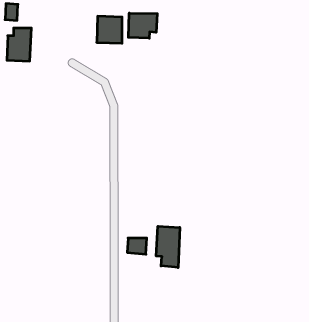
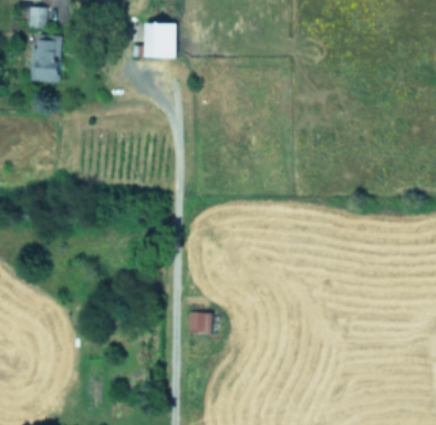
building: [128,13,157,38] -> none
building: [156,226,180,268] -> none

